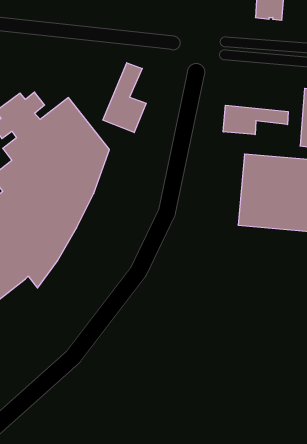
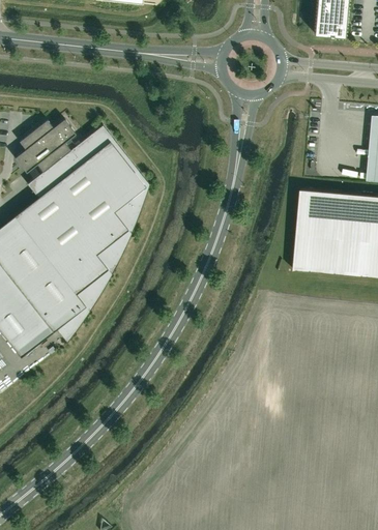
building: [103,63,146,133] -> none
building: [223,105,288,135] -> none

